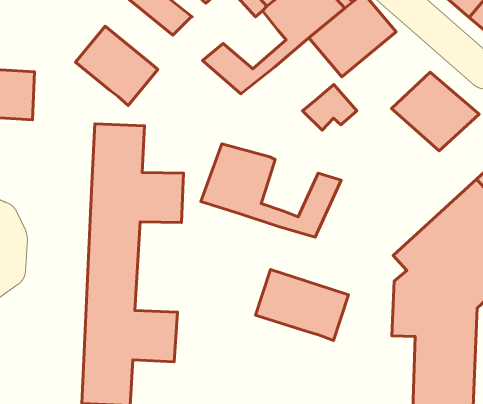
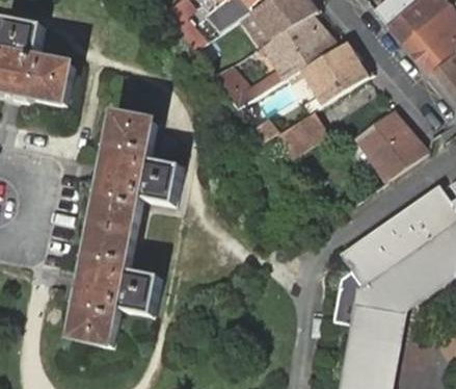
building: [75,26,158,105] -> none
building: [201,144,341,237] -> none
building: [256,270,348,340] -> none

